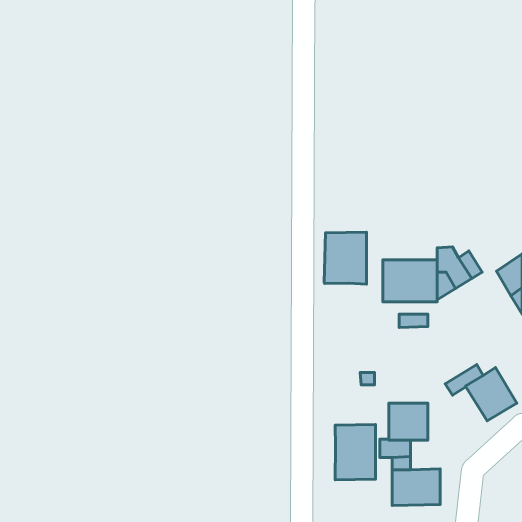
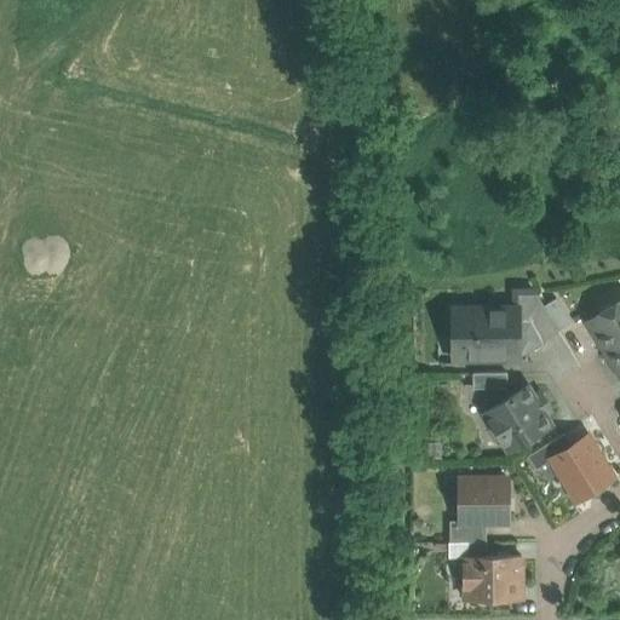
building: [324,232,367,284] -> none
building: none -> [484,386,550,450]
building: [335,424,376,480] -> none

